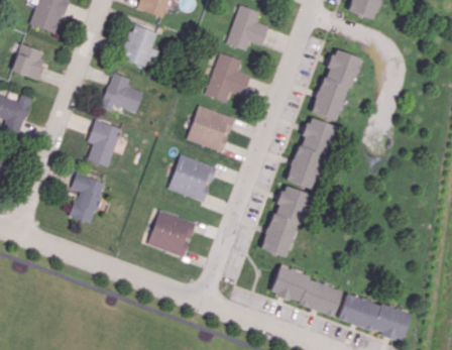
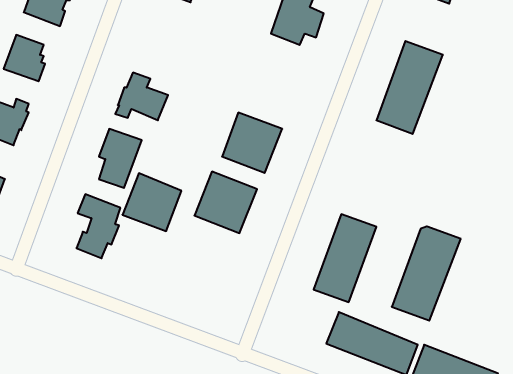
building: [120,25,159,67] -> none
building: [205,51,253,100] -> none
building: [279,117,335,193] -> [392,226,461,321]
building: [147,210,195,256] -> [122,173,181,231]

